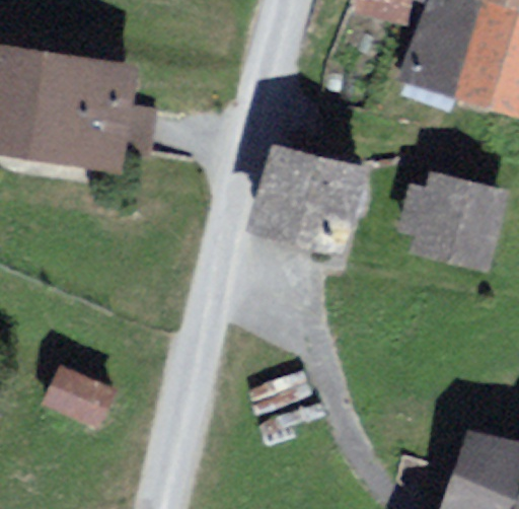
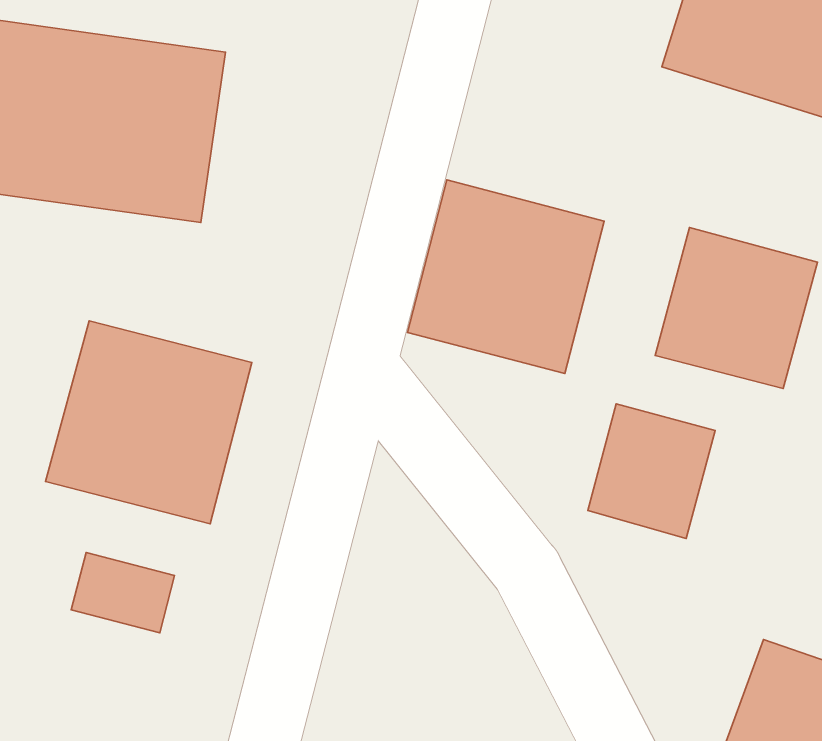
building: none -> [46,321,252,524]
building: none -> [588,404,715,538]

